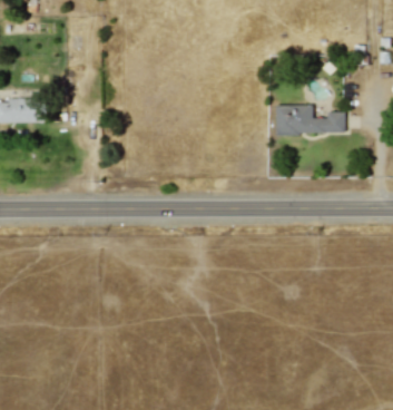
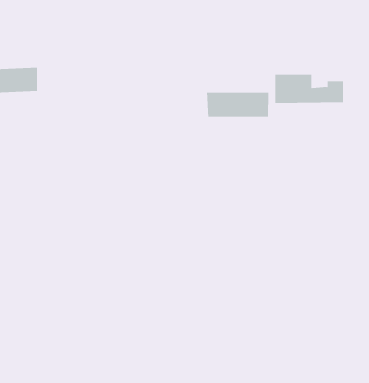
building: none -> [207,92,269,117]

